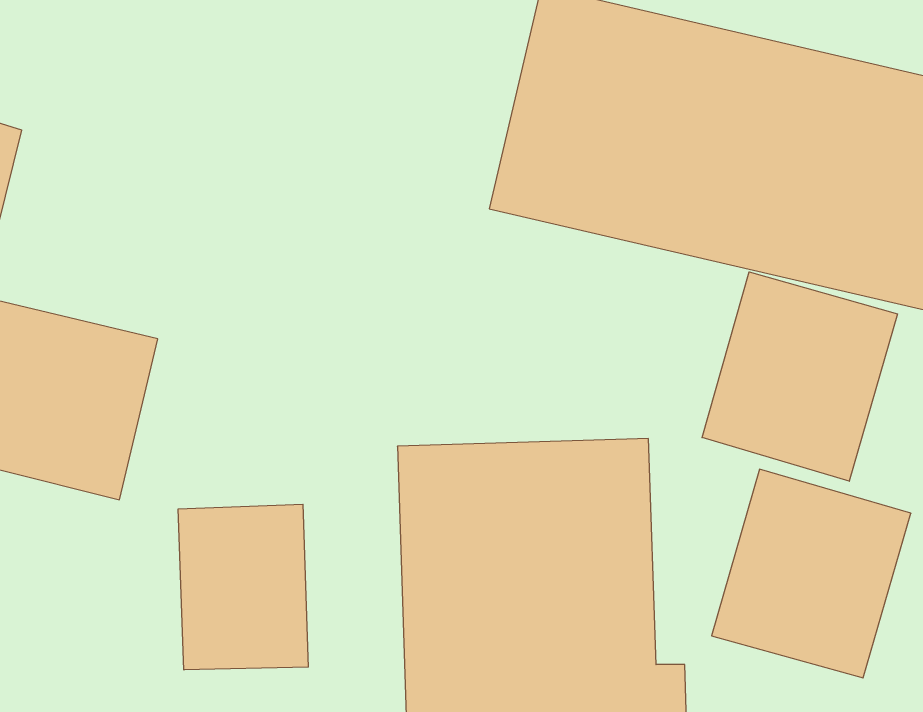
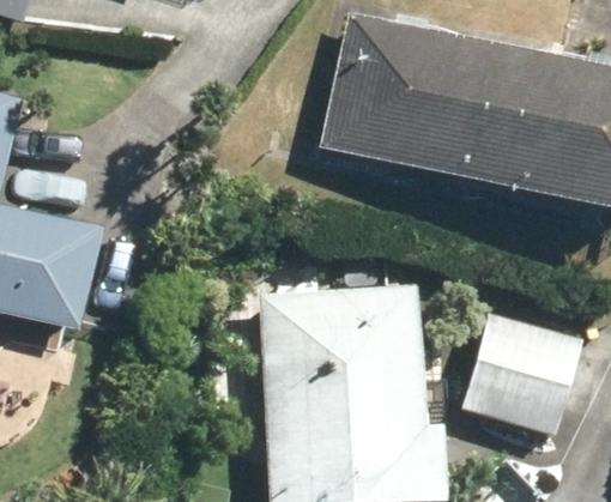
building: [702,272,897,481] -> none
building: [178,504,308,670] -> none

